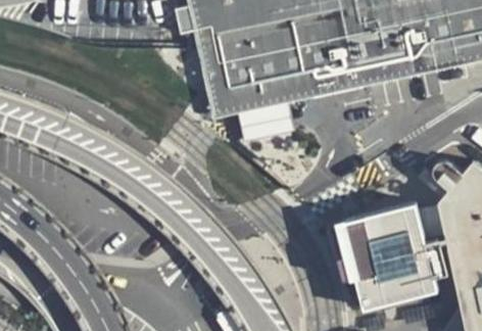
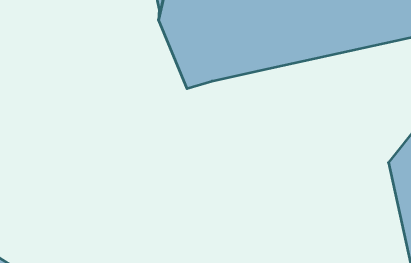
building: [242,100,298,140] -> none
building: [341,201,452,308] -> none

